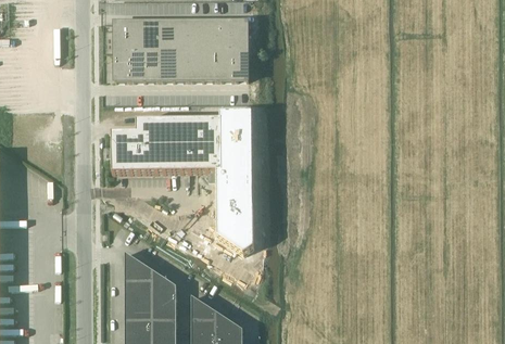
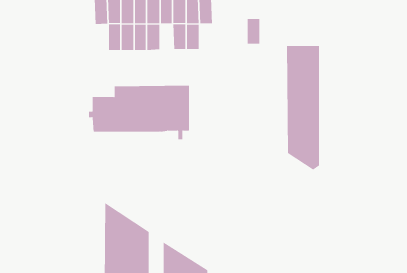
building: [115,48,130,78] -> none
building: [189,48,204,77] -> none
building: [233,48,249,77] -> [247,18,260,44]
building: [224,113,262,254] -> [286,46,320,170]

